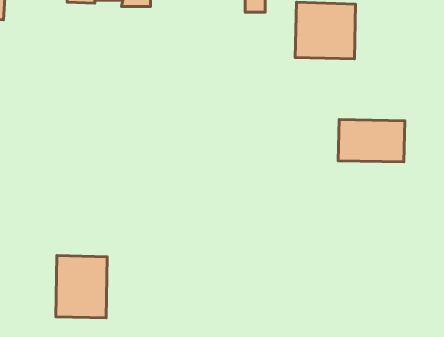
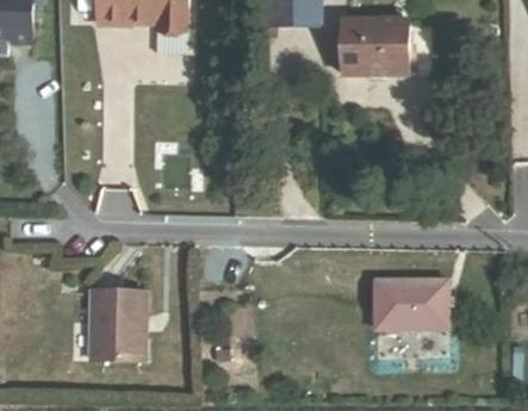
building: [338,120,405,162] -> [374,282,446,328]

